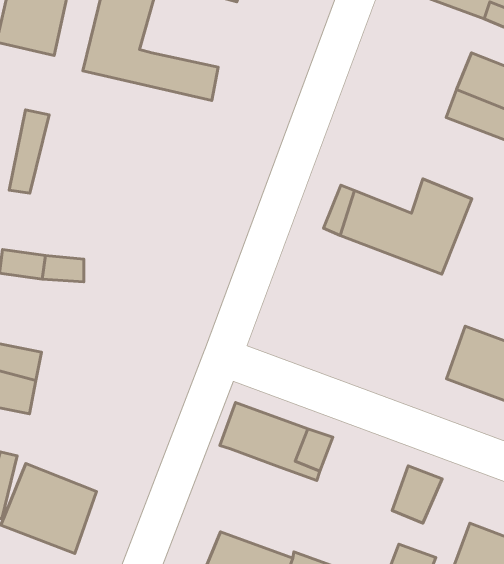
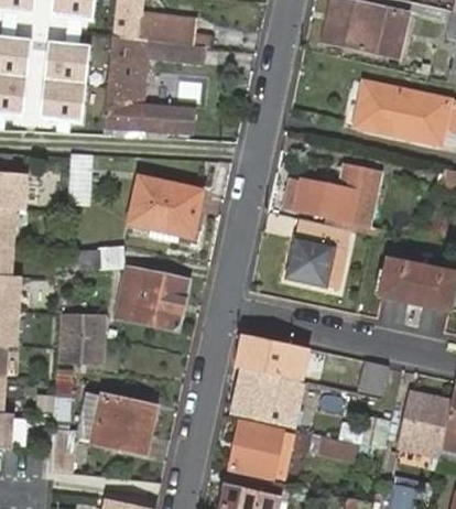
building: none -> [129,177,200,238]
building: none -> [284,219,349,289]
building: none -> [117,269,187,329]
building: none -> [231,366,302,423]

